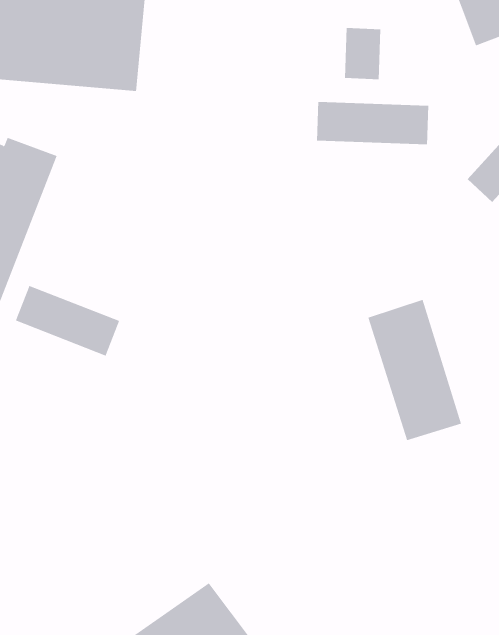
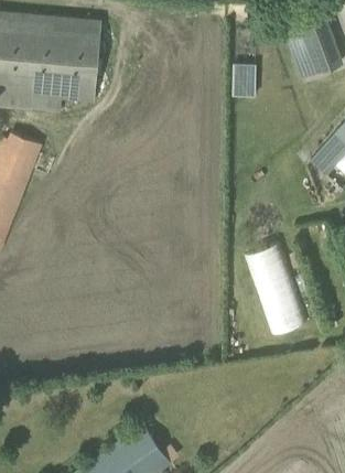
building: [316,101,429,145] -> none
building: [15,285,120,356] -> none

